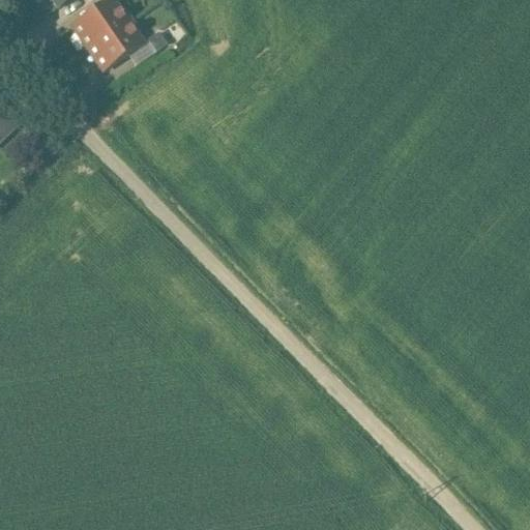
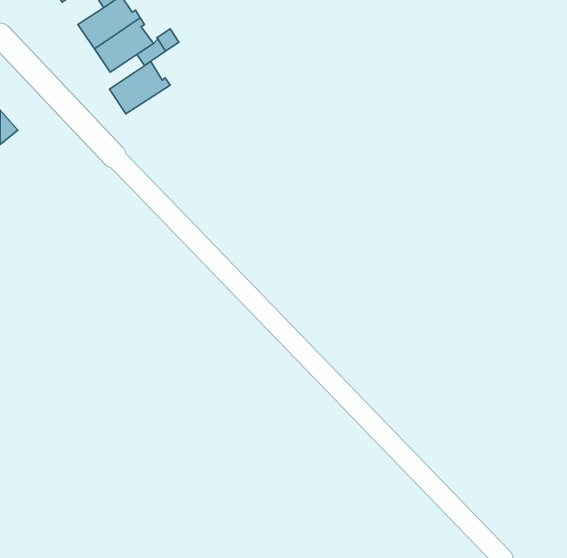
building: none -> [109,61,170,114]

